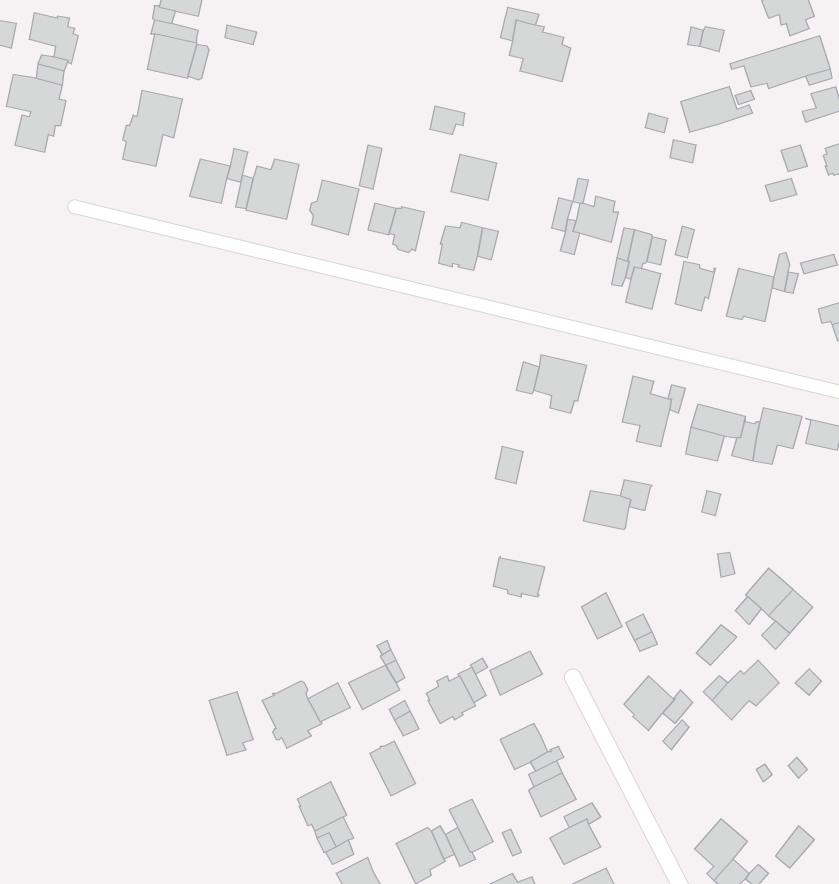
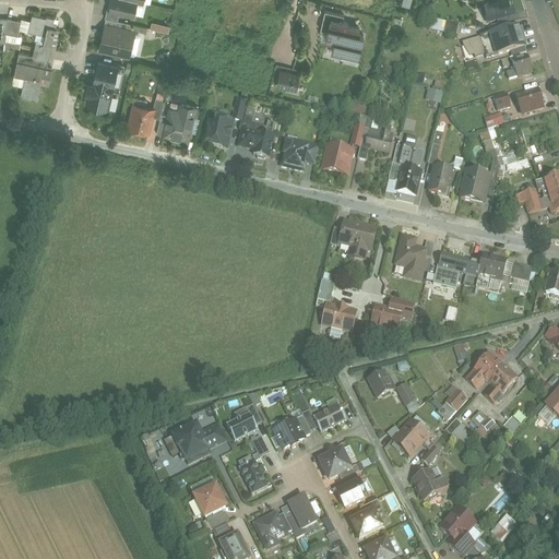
building: [681,86,752,132] -> none
building: [451,154,497,200] -> [323,144,352,173]
building: [493,556,545,597] -> [323,304,355,329]
building: none -> [413,468,447,499]

